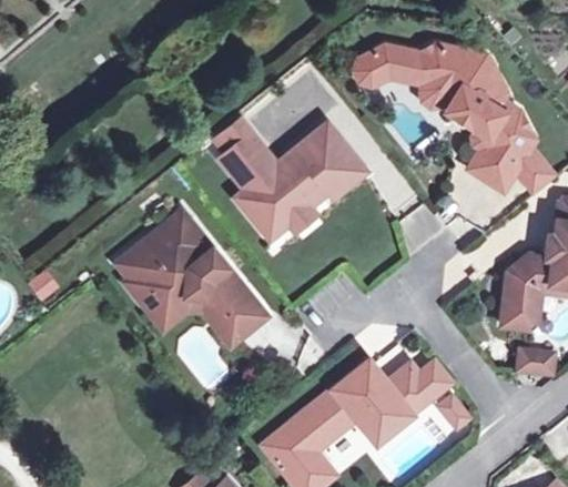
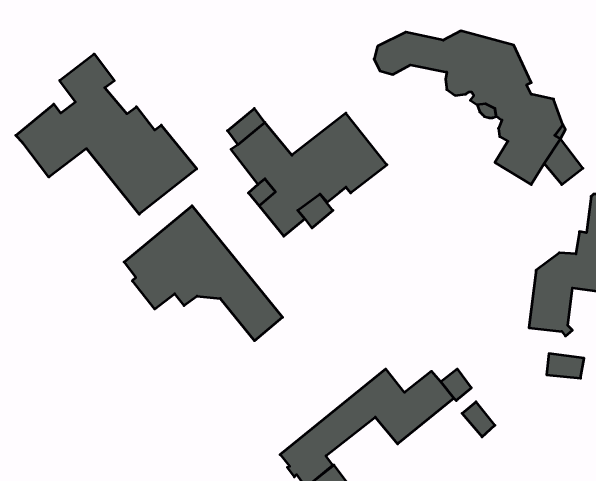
building: none -> [16,54,197,214]
building: [146,293,241,344] -> none

